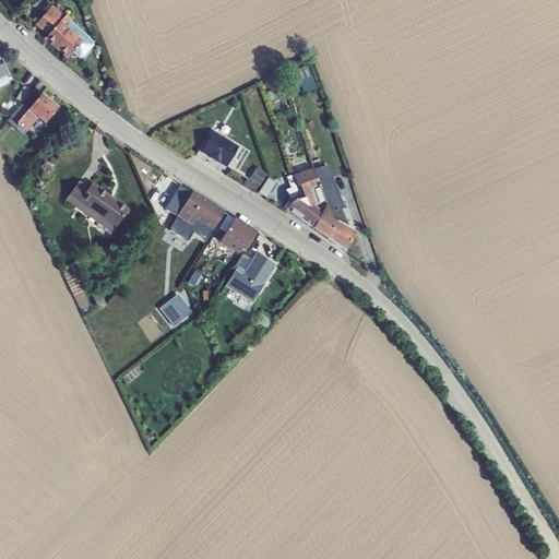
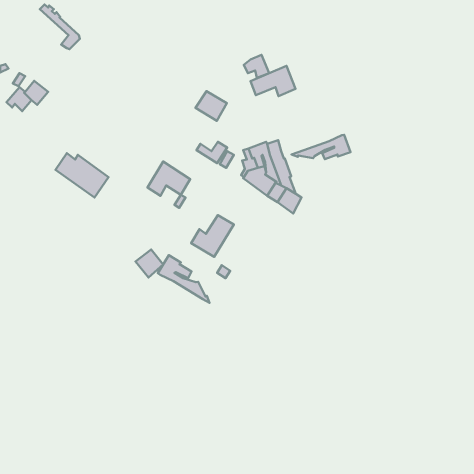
building: [35,11,81,58] -> none
building: none -> [251,66,296,96]
building: [201,132,238,167] -> [195,91,227,121]
building: none -> [291,135,350,159]
building: [226,218,259,247] -> none
building: none -> [158,255,209,303]

